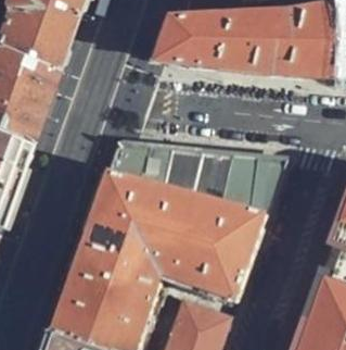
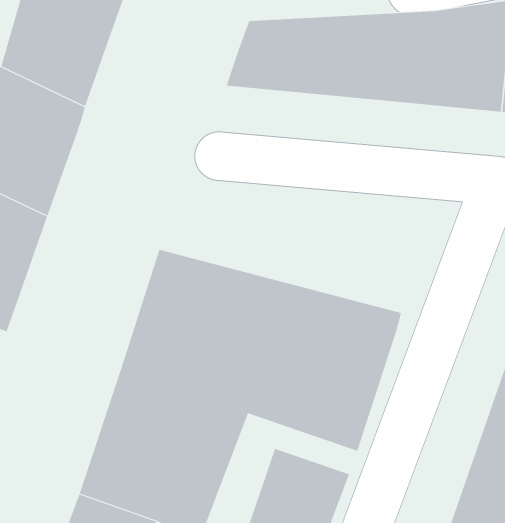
building: [106,139,287,209] -> none

